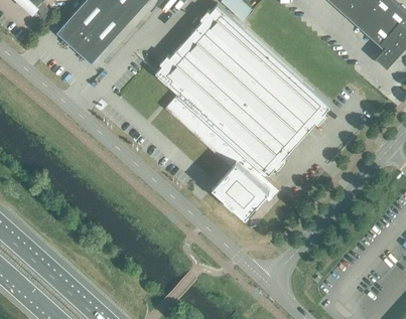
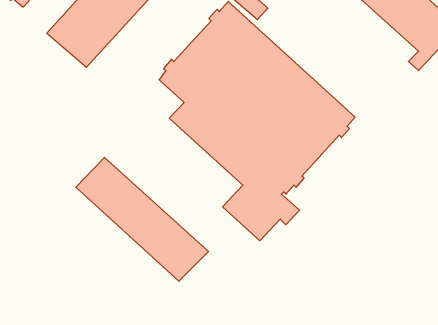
building: none -> [76,157,209,281]

